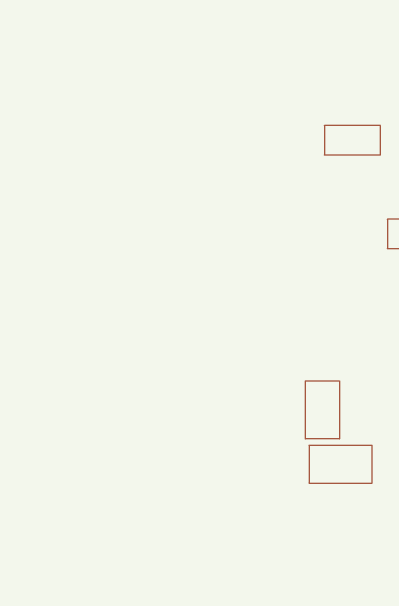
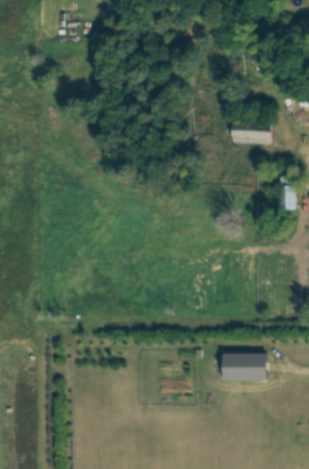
building: [305,381,339,439] -> none

